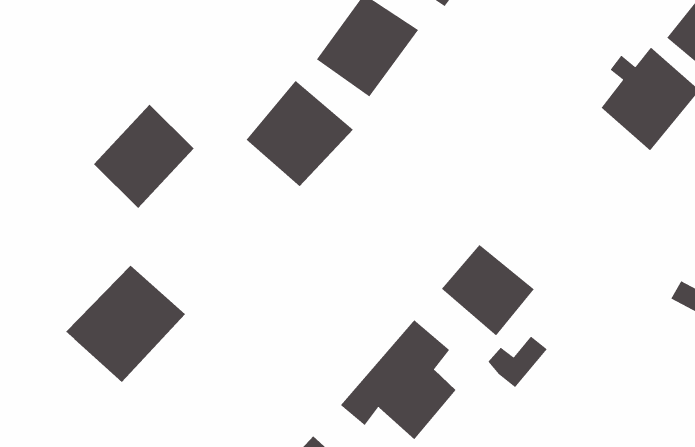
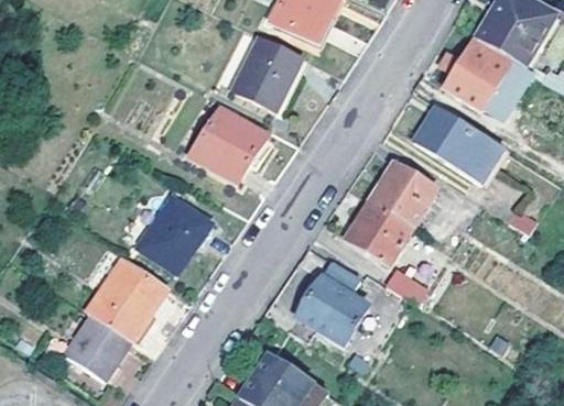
building: [93,104,195,209] -> [140,195,209,270]
building: none -> [414,106,508,184]
building: none -> [368,161,436,227]
building: none -> [65,311,132,376]

